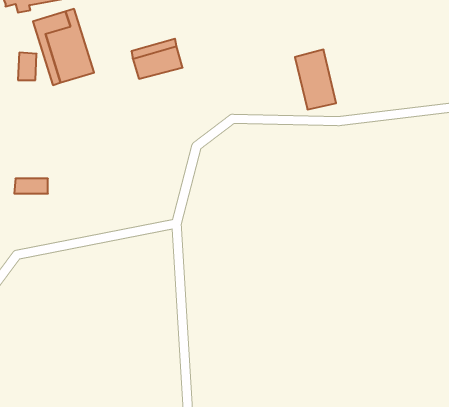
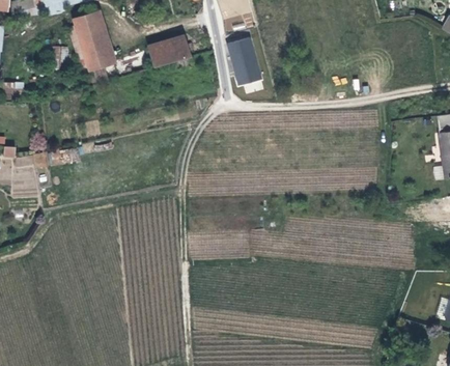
building: [295,50,336,109] -> [227,35,261,85]

